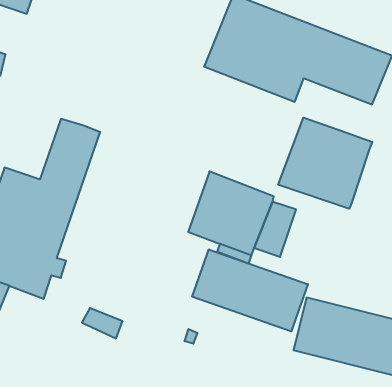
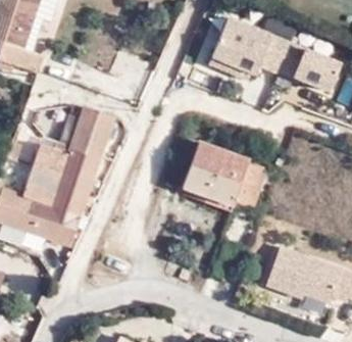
building: [278,118,372,209] -> none
building: [192,249,308,331] -> none

